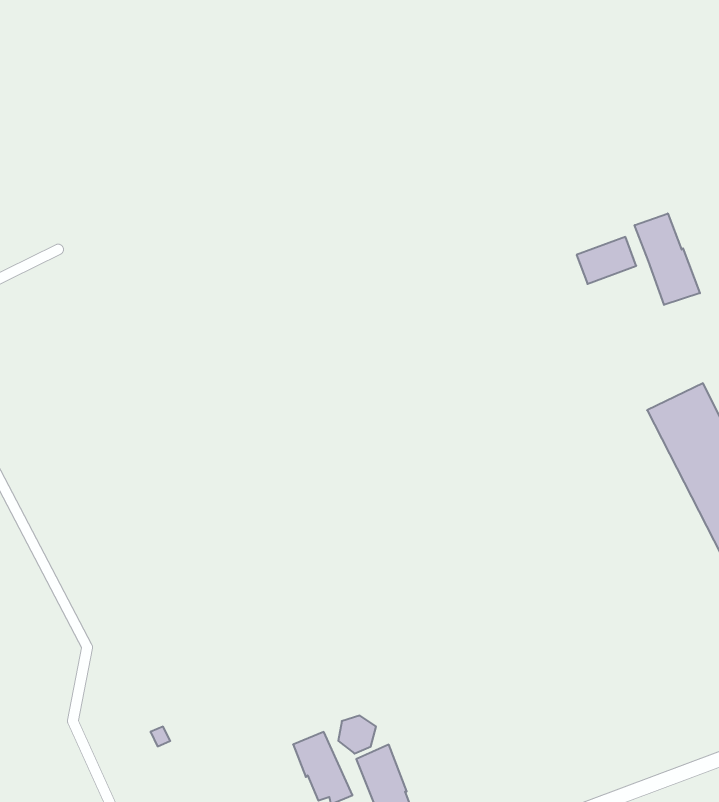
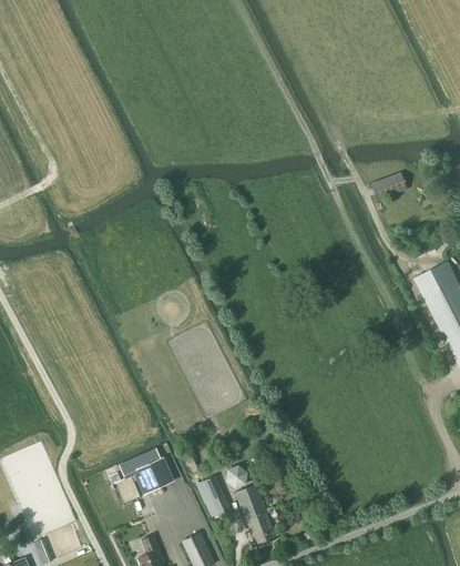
building: [635,213,700,305] -> none
building: none -> [119,448,173,492]

